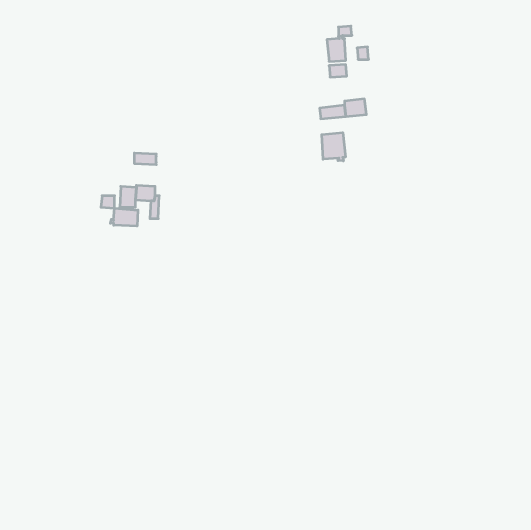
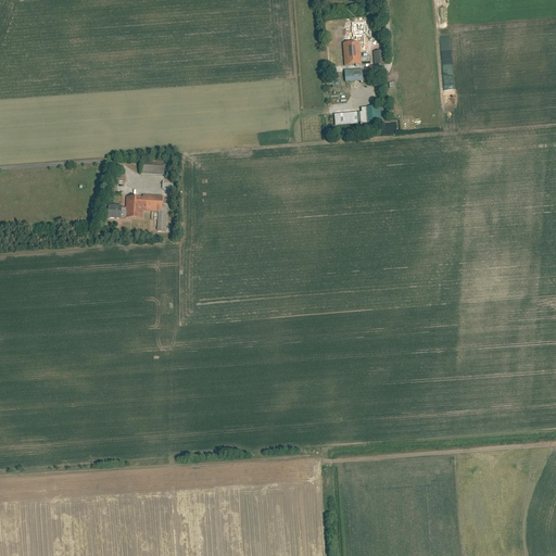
building: [322,133,345,161] -> none
building: [110,208,138,226] -> none

